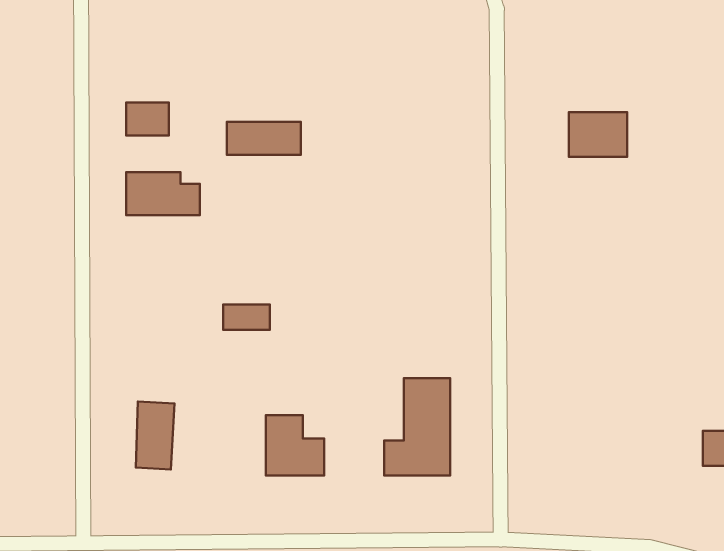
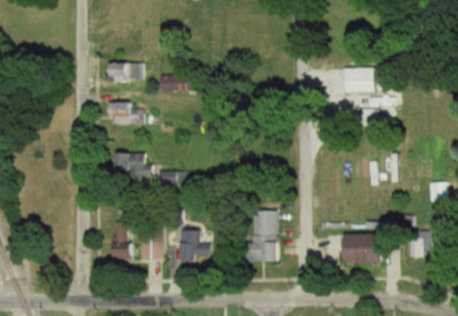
building: none -> [112,153,150,175]
building: none -> [141,224,163,261]
building: none -> [340,234,379,264]

